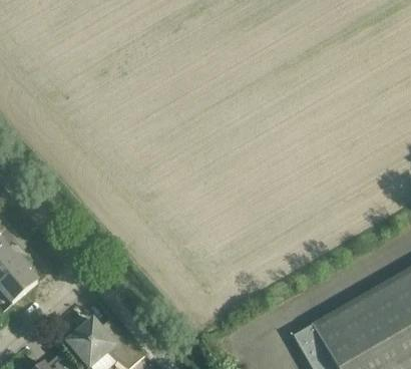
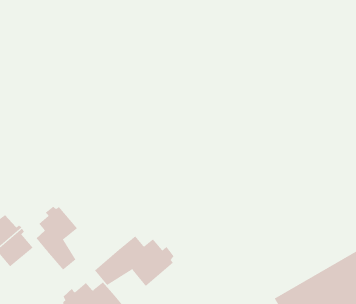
building: none -> [36,206,78,270]
building: none -> [94,236,174,287]

